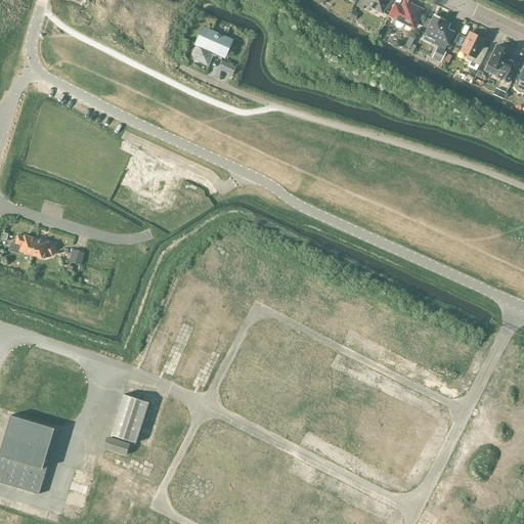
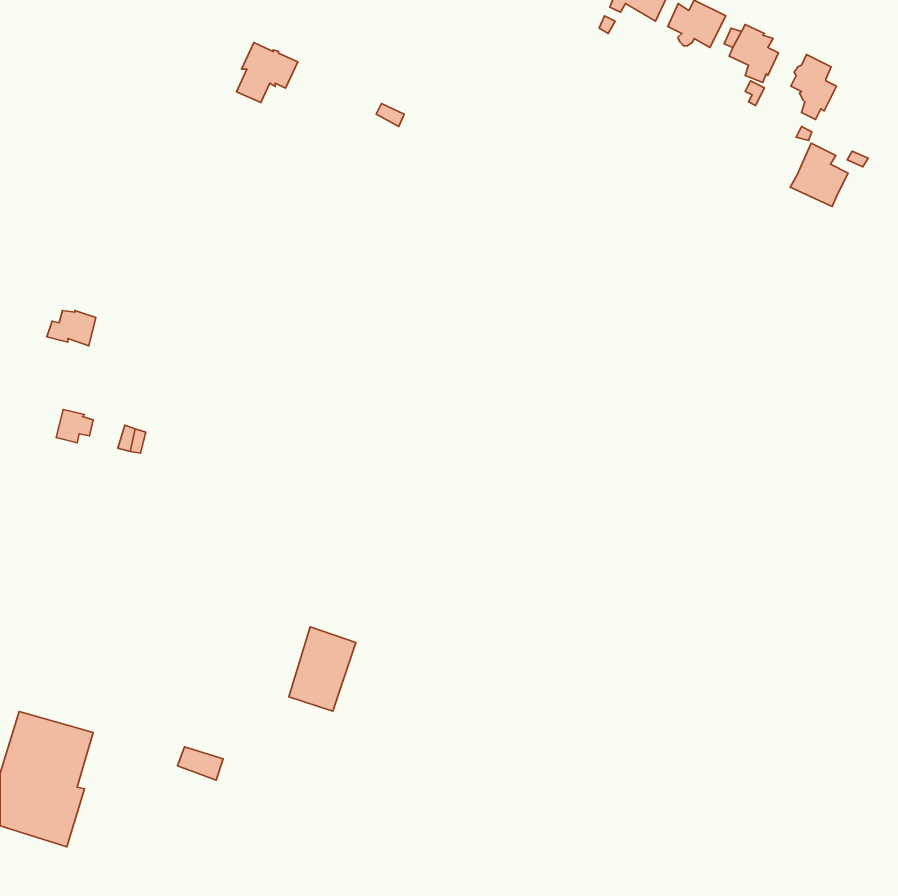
building: [193,30,229,64] -> [236,43,298,102]
building: [484,44,518,81] -> [790,143,848,206]
building: [8,234,37,255] -> [47,311,96,346]
building: [111,393,149,442] -> [289,627,356,711]

